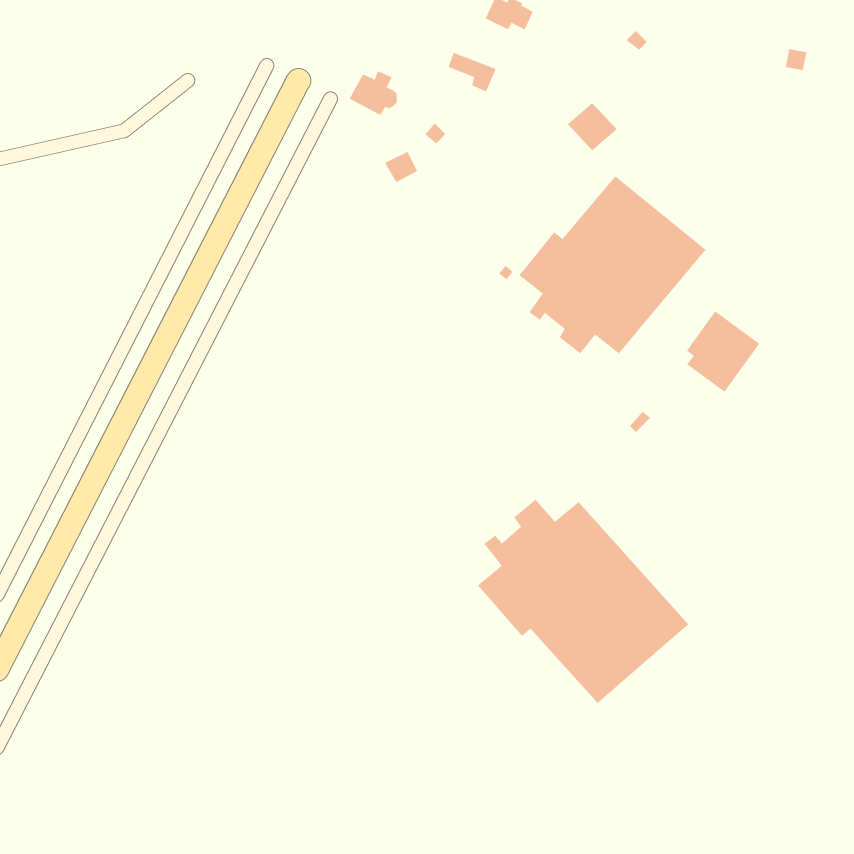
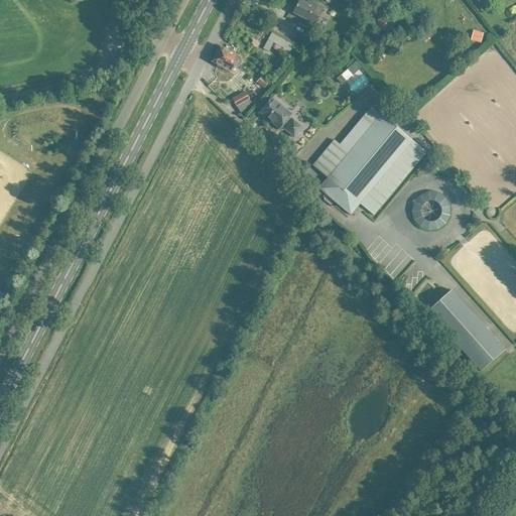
building: none -> [259,97,301,136]
building: none -> [428,290,507,372]
building: [477,499,689,705] -> none

